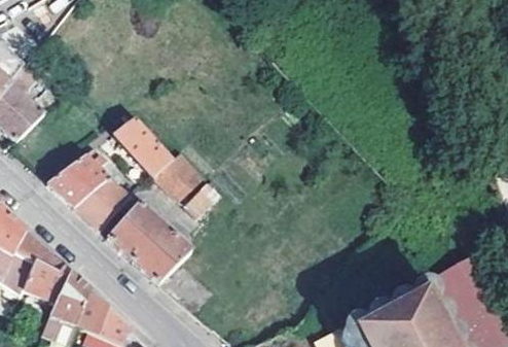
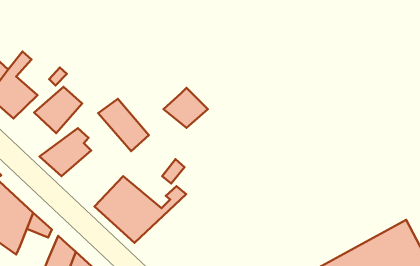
building: [153,152,205,199] -> [163,88,208,128]
building: [73,176,129,230] -> [34,87,82,133]
building: [25,267,69,302] -> none

